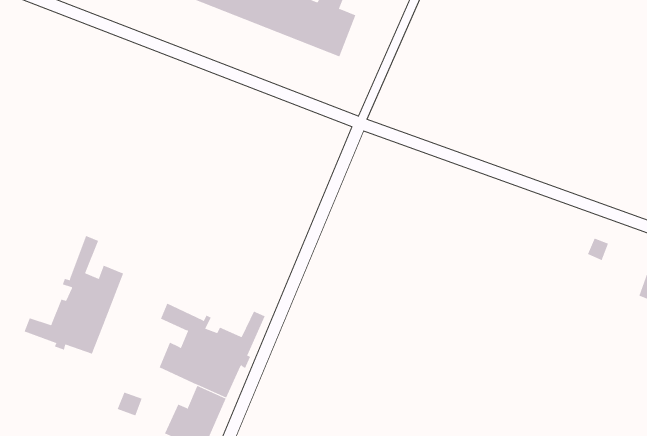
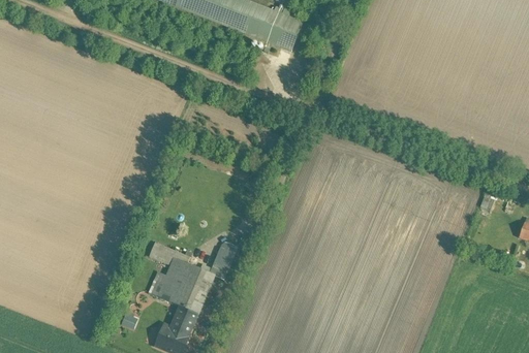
building: [24,235,124,355] -> none

